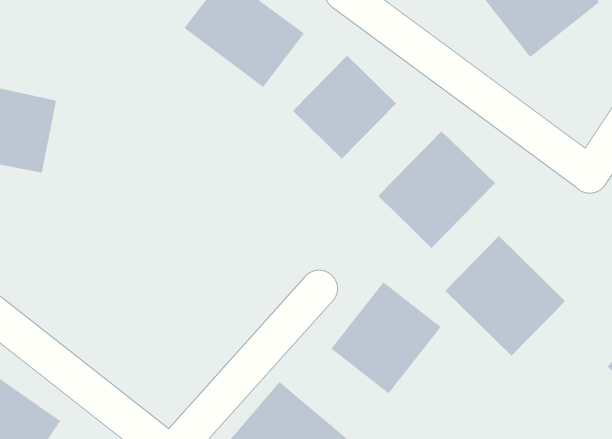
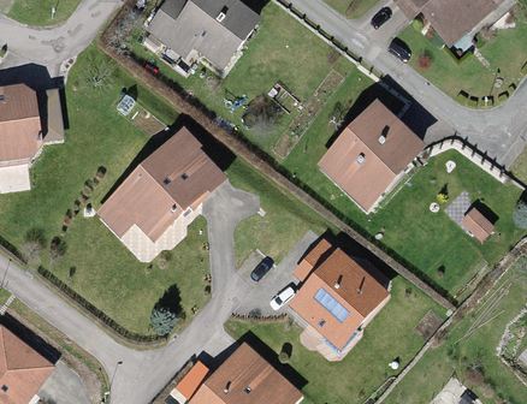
building: [292,55,397,160] -> none
building: none -> [95,108,230,246]
building: [445,235,566,357] -> none

